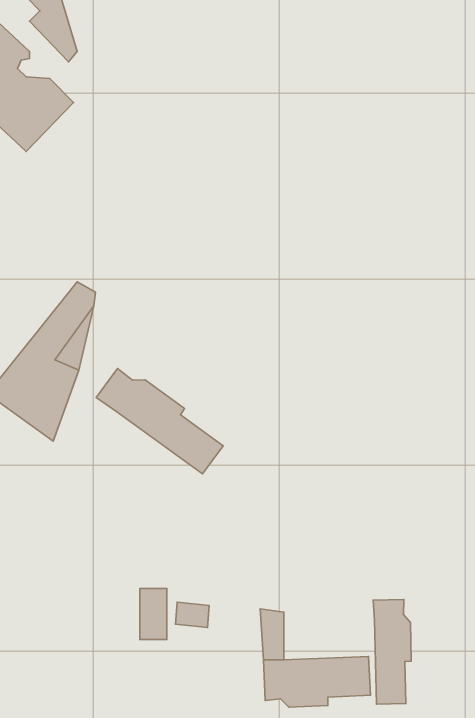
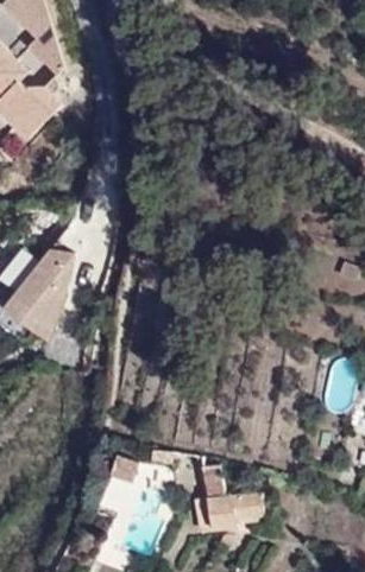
building: [96,368,223,474] -> none
building: [373,599,411,704] -> none

